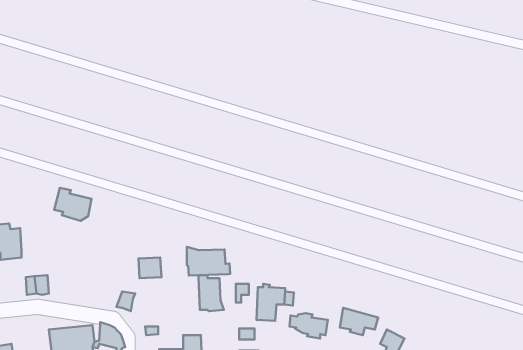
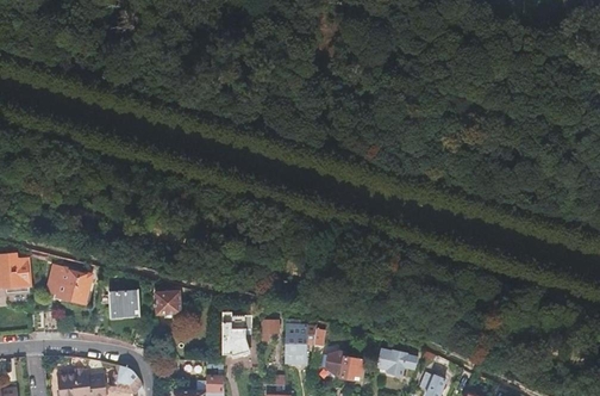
building: [54,188,92,221] -> [49,264,89,299]
building: [187,247,230,275] -> none
building: none -> [108,290,138,315]

